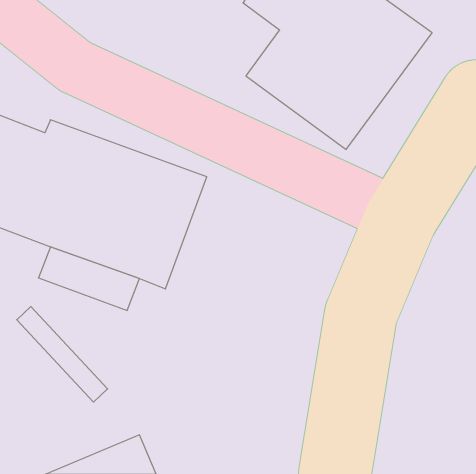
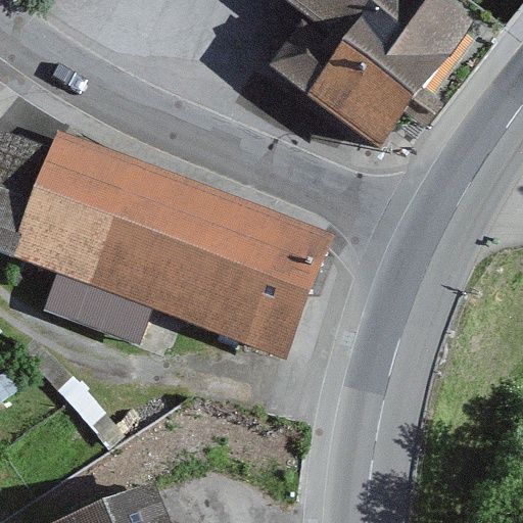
building: none -> [181,193,330,353]

